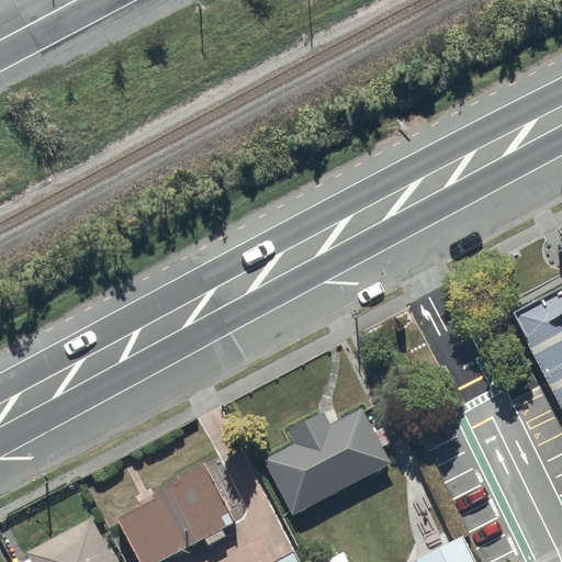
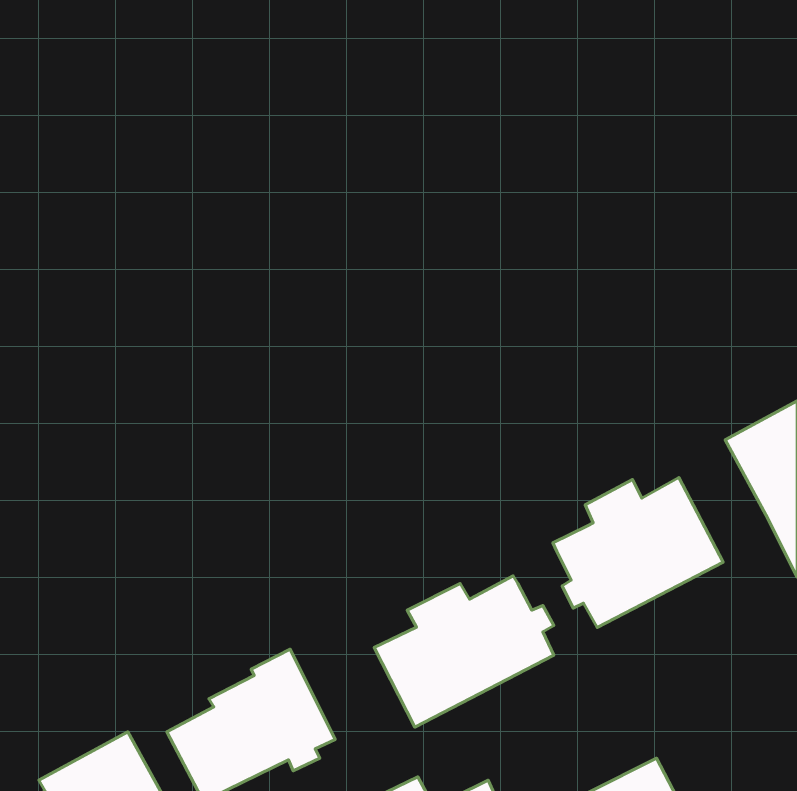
building: none -> [553,477,723,627]

